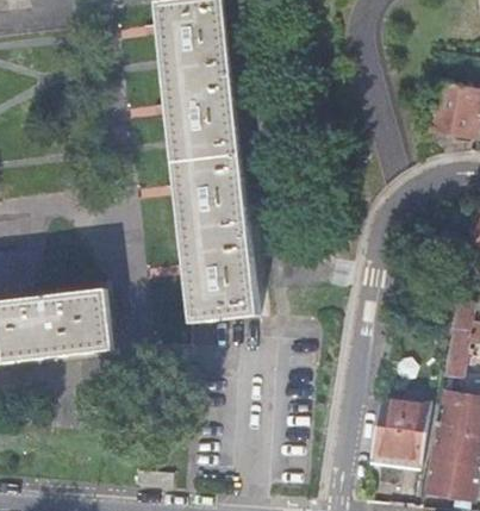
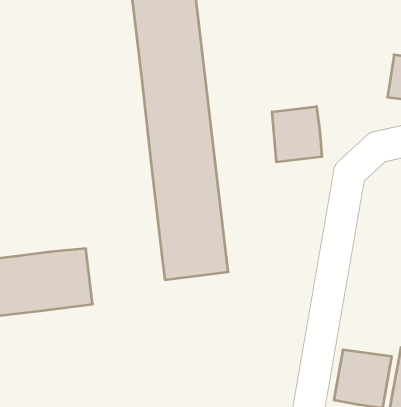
building: none -> [272,106,322,162]

